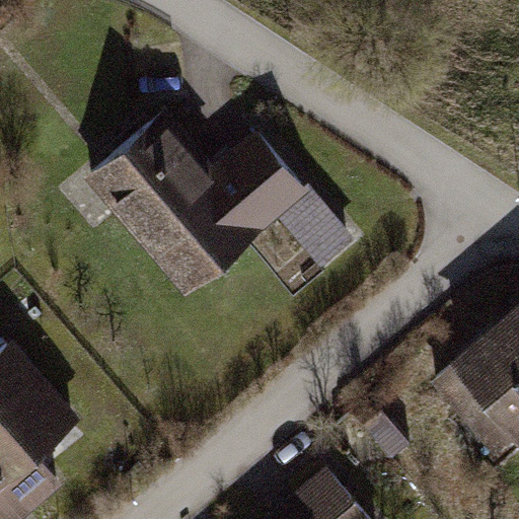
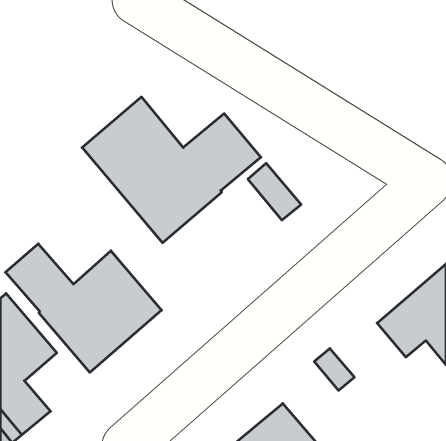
building: none -> [5,244,162,372]

